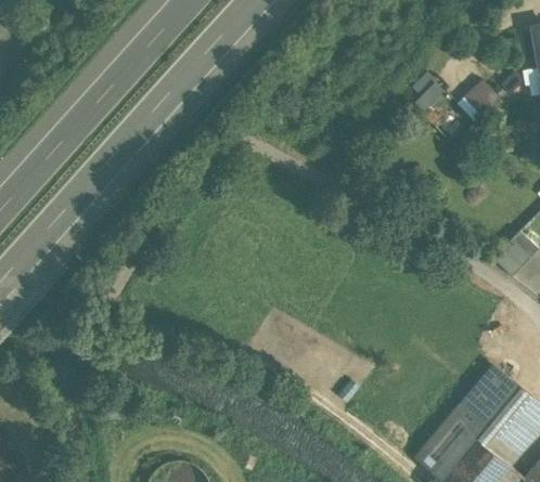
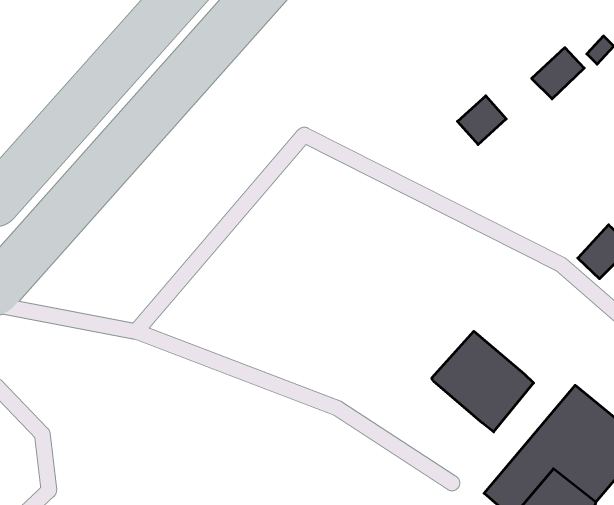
building: [408,71,449,113] -> [457,96,506,145]
building: none -> [432,331,534,432]

